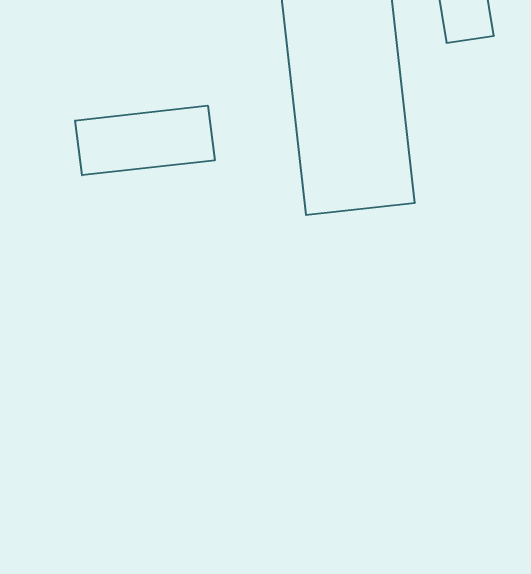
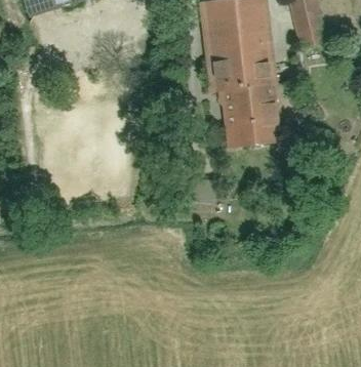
building: [75,106,215,175] -> none

